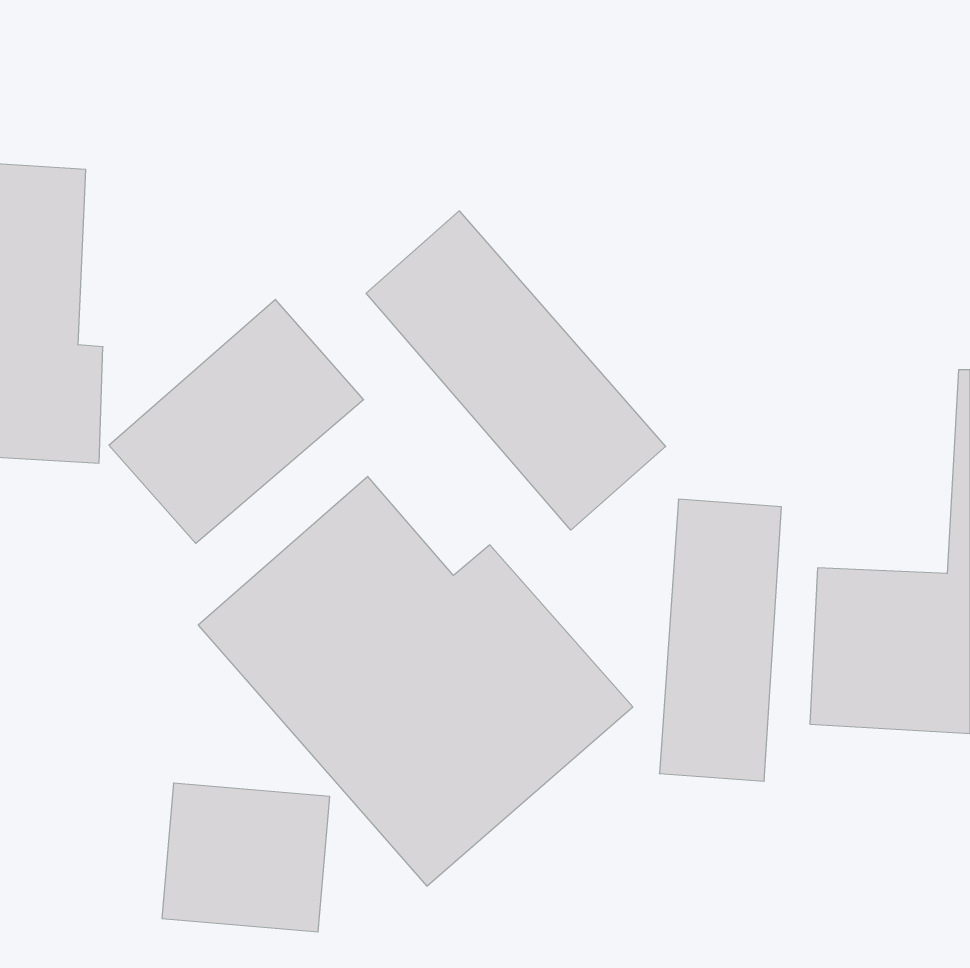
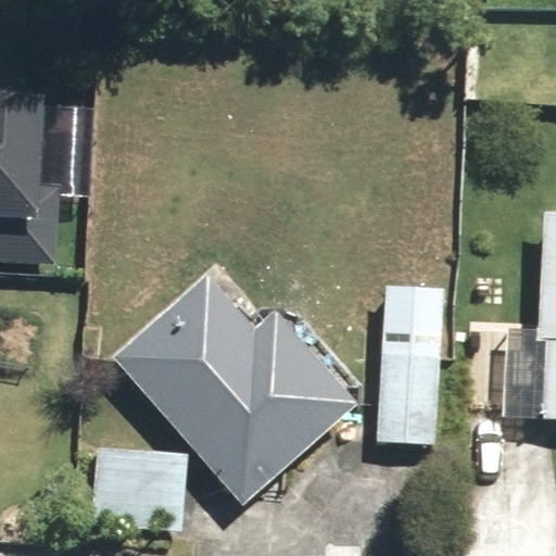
building: [366,211,666,530] -> none
building: [109,299,364,543] -> none

